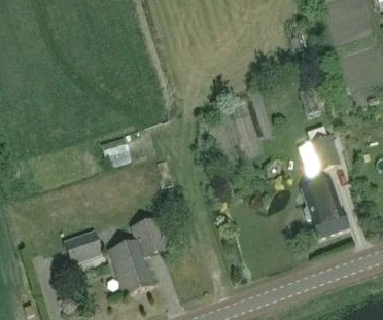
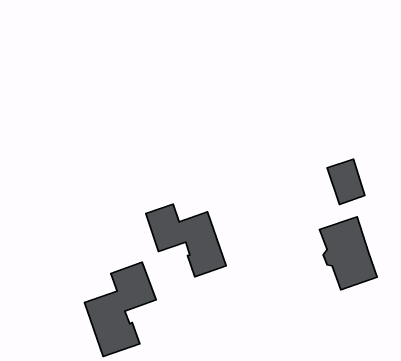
building: none -> [146,204,226,277]
building: [63,229,103,264] -> none

